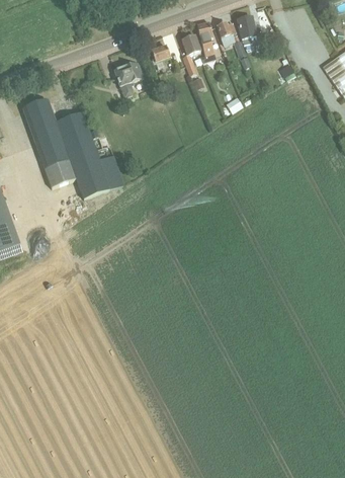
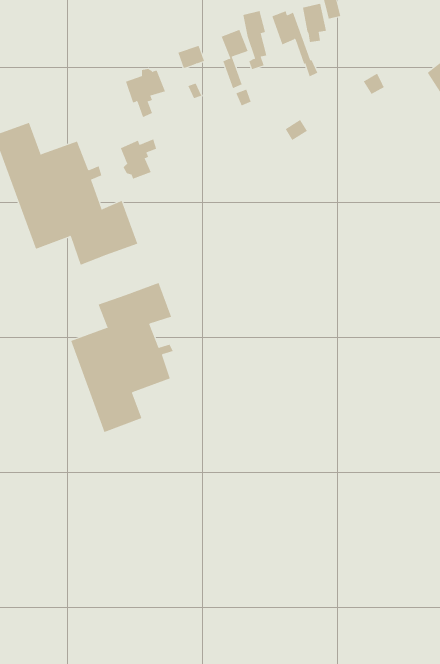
building: none -> [120,139,157,179]
building: none -> [70,282,174,433]

